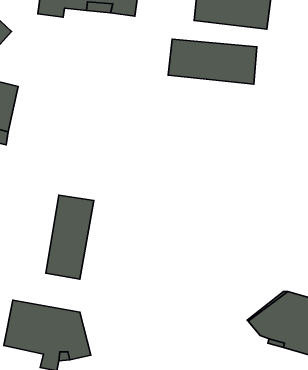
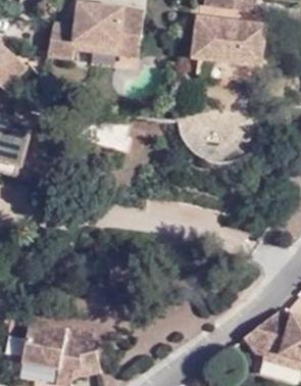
building: [168,39,257,84] -> none
building: [46,195,94,279] -> none

